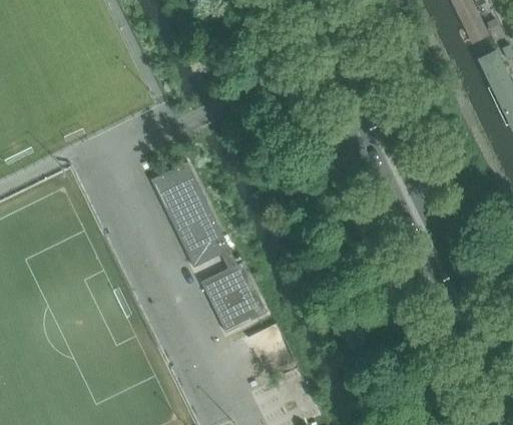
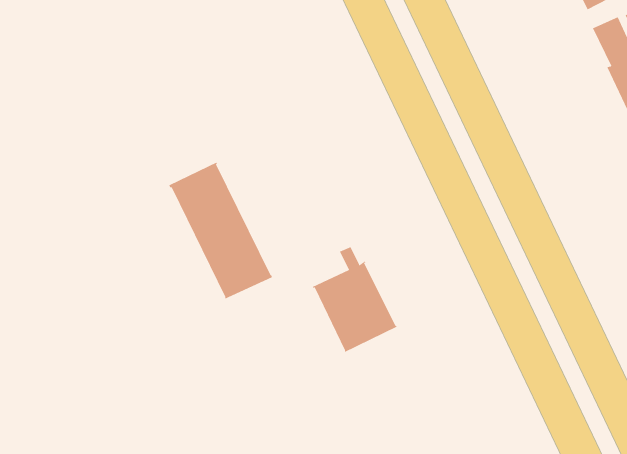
building: [199,251,266,333] -> [312,246,397,353]

